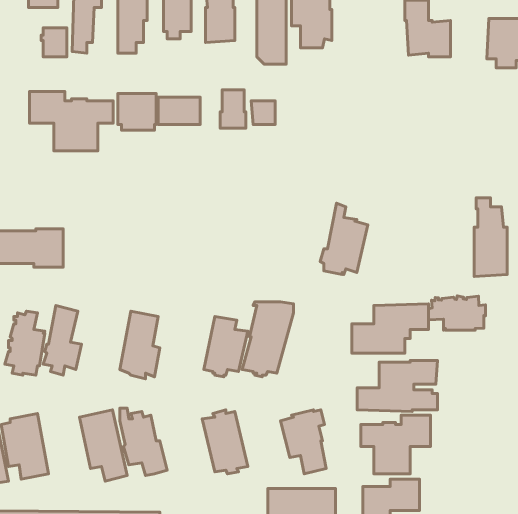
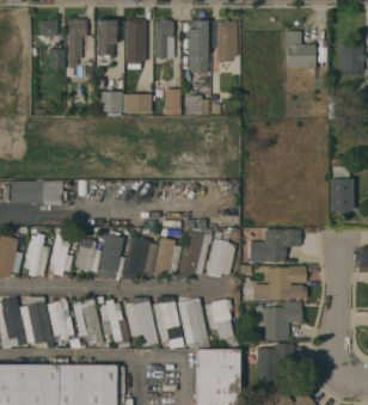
building: [30,92,113,151] -> none
building: [320,203,368,274] -> [204,229,235,276]
building: [429,296,486,330] -> none
building: none -> [124,231,157,276]
building: none -> [75,233,100,271]
building: none -> [47,296,73,339]
building: none -> [177,296,207,342]
building: none -> [123,297,158,345]

